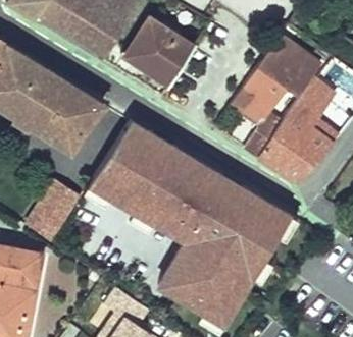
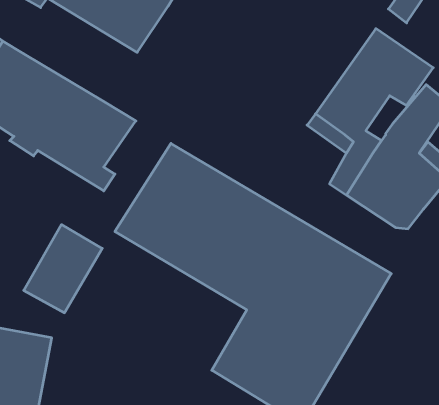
building: [123,19,194,89] -> none

